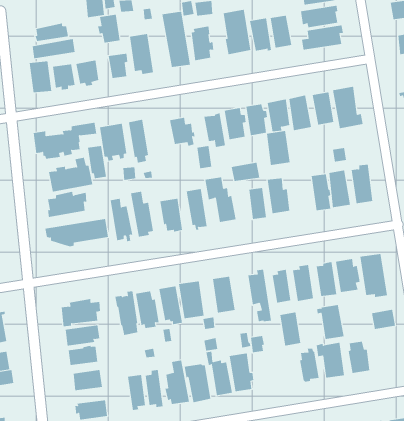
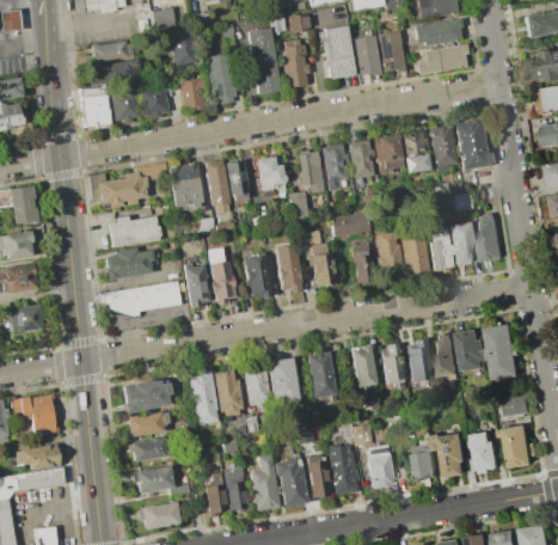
building: [266,130,291,166] -> [400,231,430,274]
building: [87,146,107,179] -> [226,160,250,201]
building: [316,304,344,339] -> [502,424,536,467]
building: [280,312,301,346] -> [367,446,393,488]

